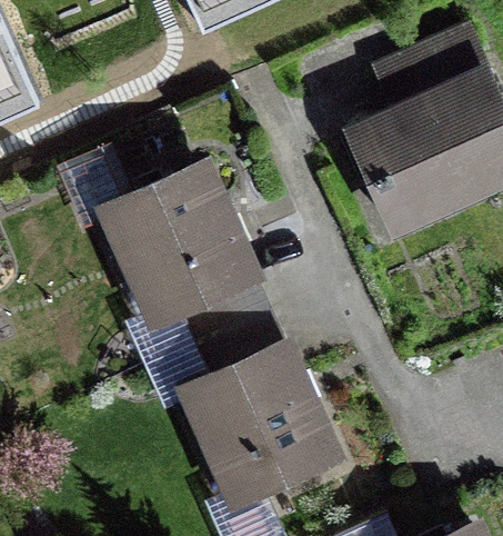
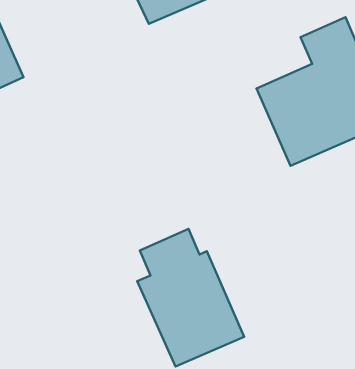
building: [110,163,258,343] -> none

